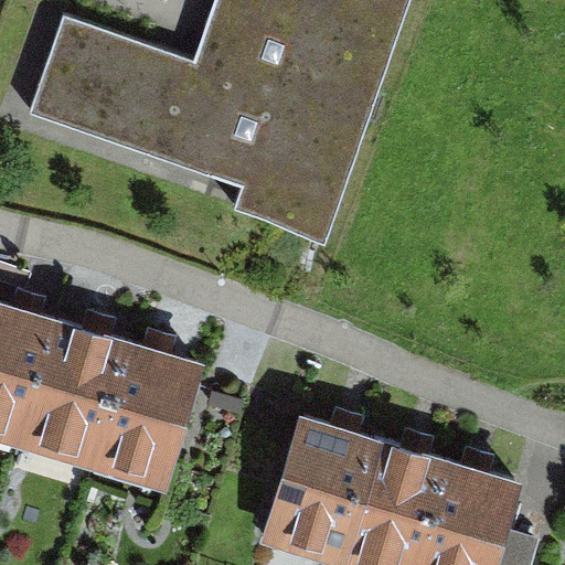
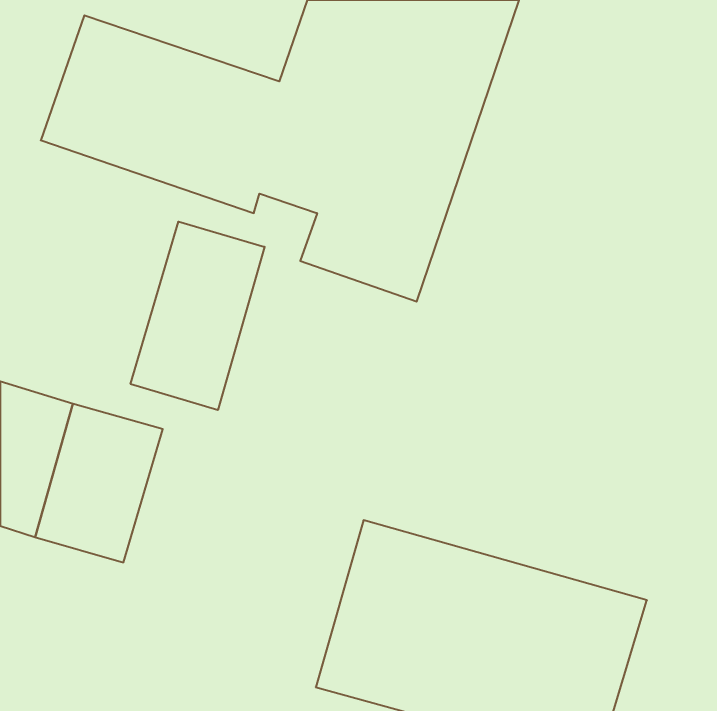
building: none -> [131,222,265,410]
building: [97,342,199,468] -> none

